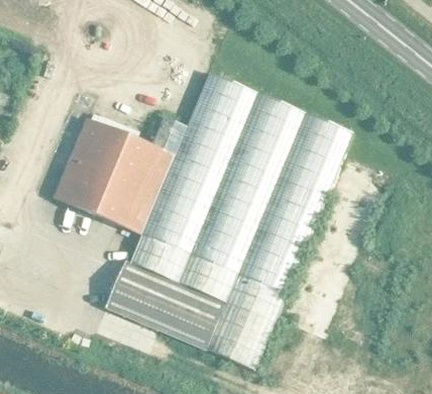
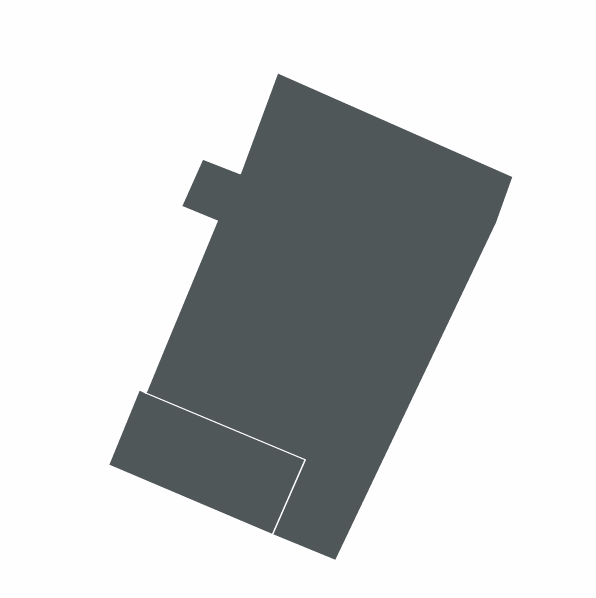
building: [55,121,173,234] -> none

